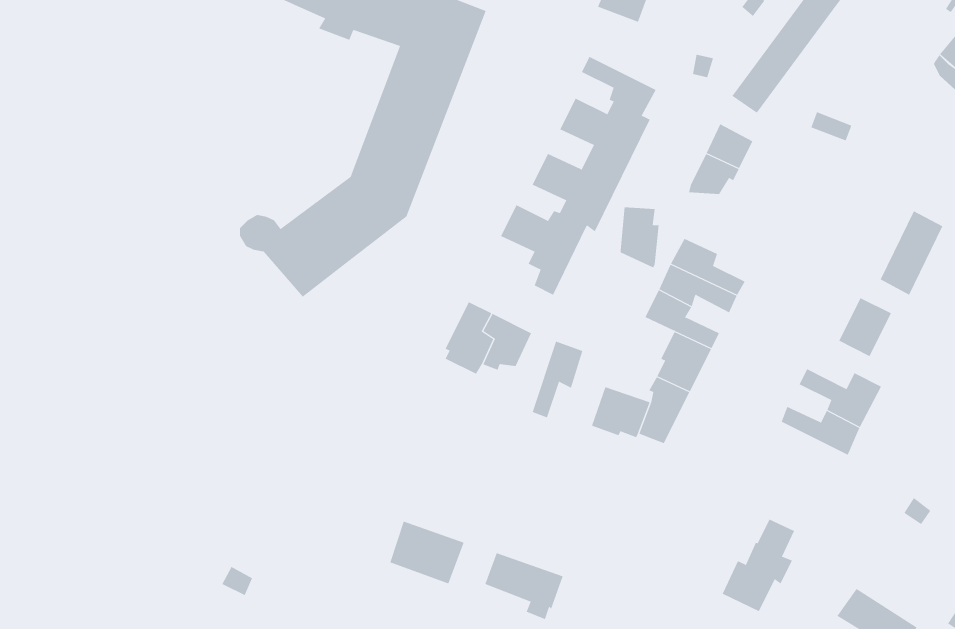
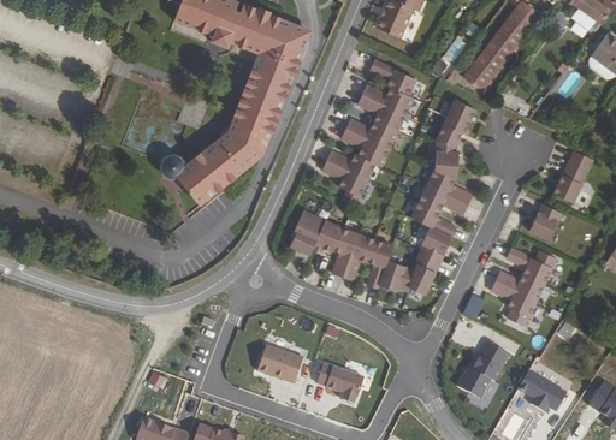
building: [620,207,659,268] -> [433,141,457,178]
building: none -> [330,226,355,274]
building: none -> [365,237,390,286]
building: none -> [487,280,533,326]

